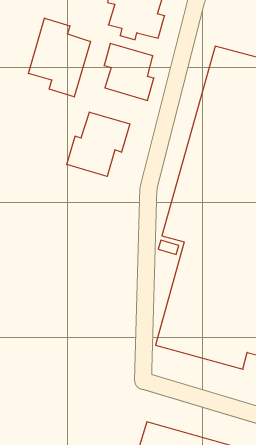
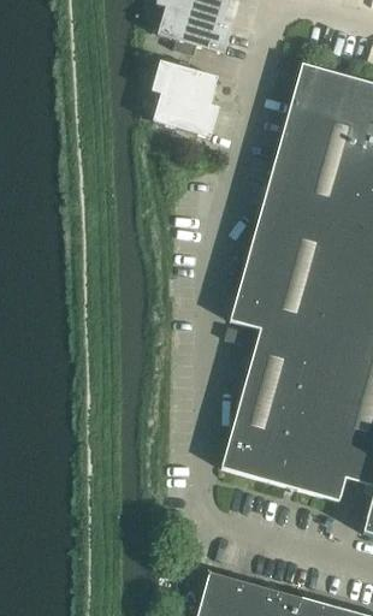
building: [28,18,90,97] -> none
building: [67,112,130,176] -> none

